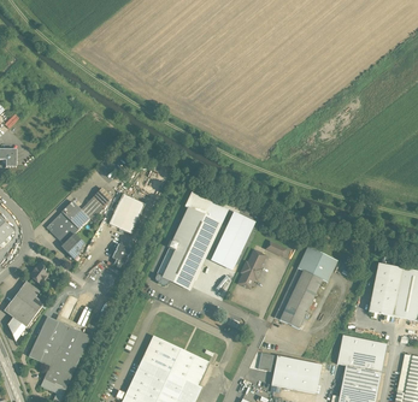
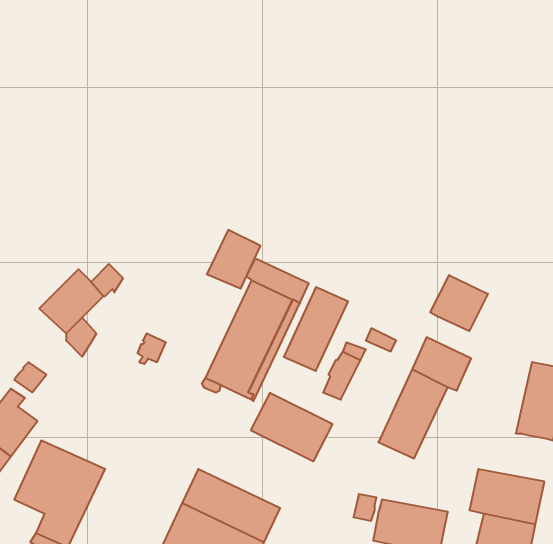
building: [108,194,145,233] -> [207,230,260,289]
building: none -> [430,275,488,331]
building: none -> [251,393,332,461]

